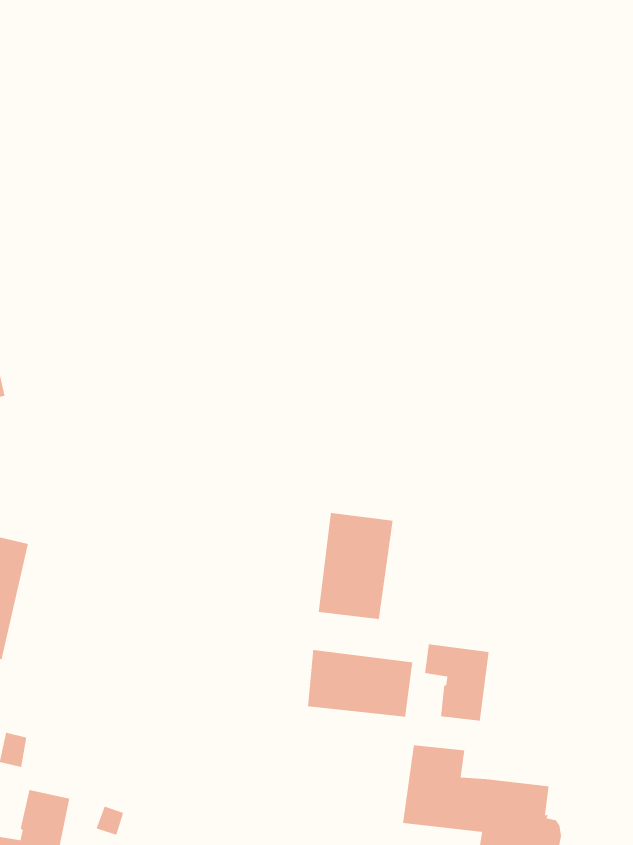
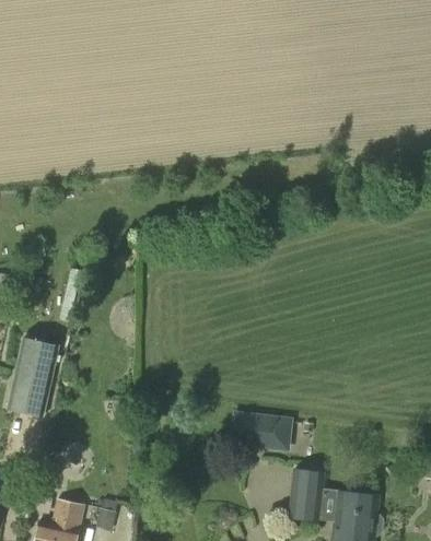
building: [318,512,393,620] -> none
building: [424,644,489,722] -> none

